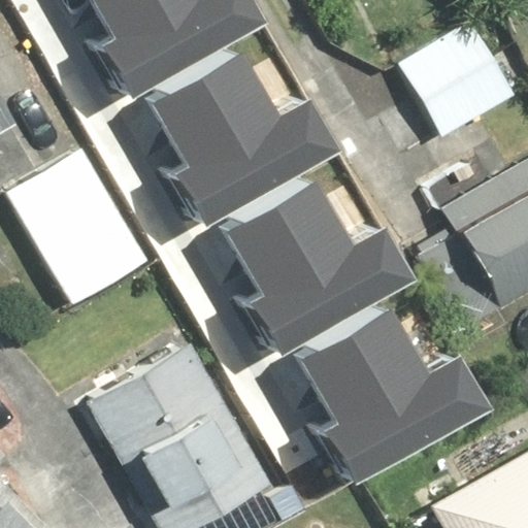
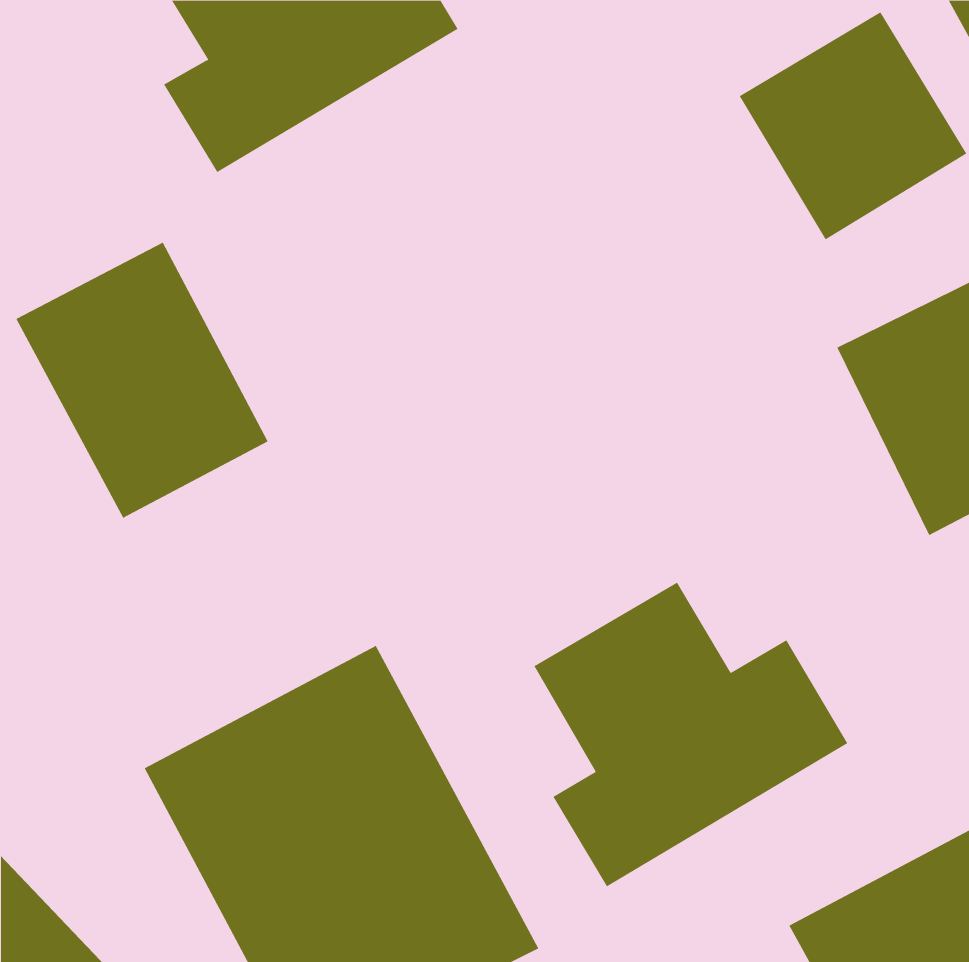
building: [151,58,321,222] -> none
building: [226,191,395,354] -> none

